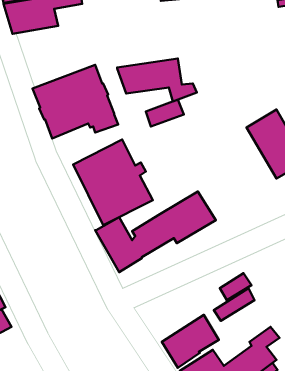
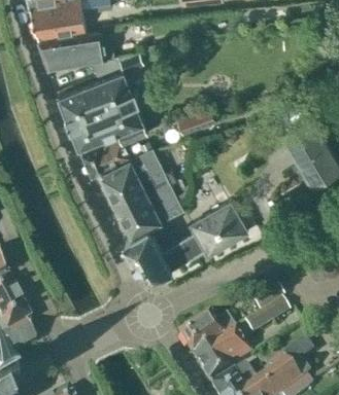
building: [117,59,197,101] -> [38,29,121,73]
building: none -> [80,132,130,174]
building: none -> [178,311,235,354]

